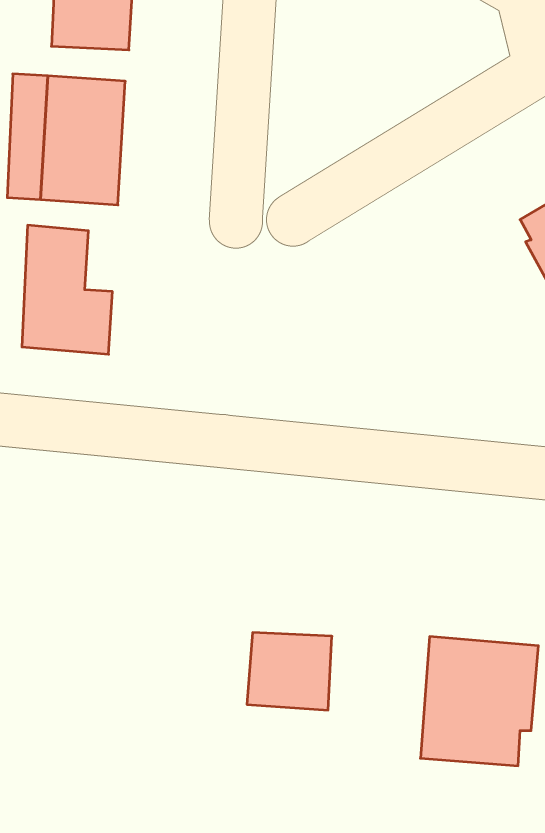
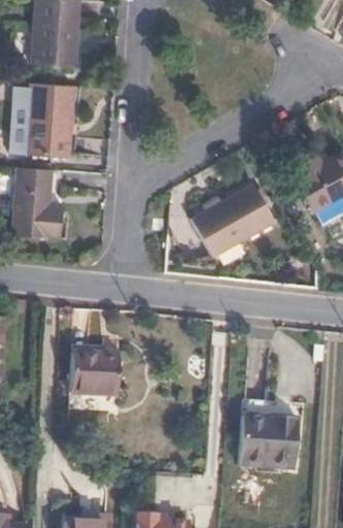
building: none -> [190,180,276,255]
building: [247,633,332,710] -> [68,353,115,396]

